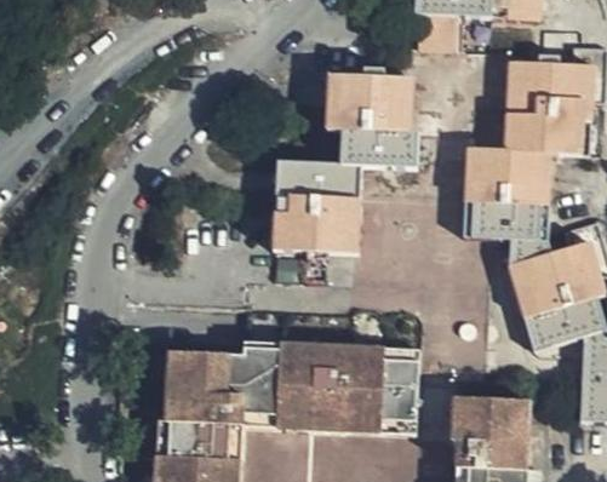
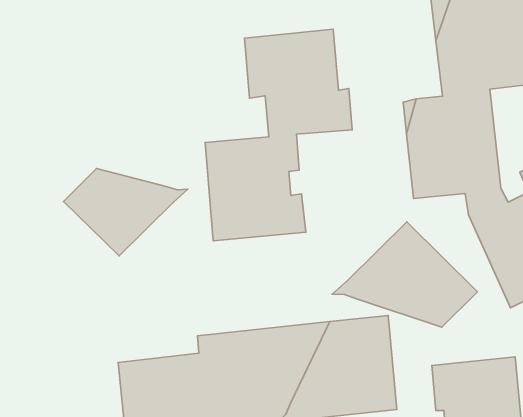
building: none -> [64,169,188,256]
building: none -> [332,222,478,327]

